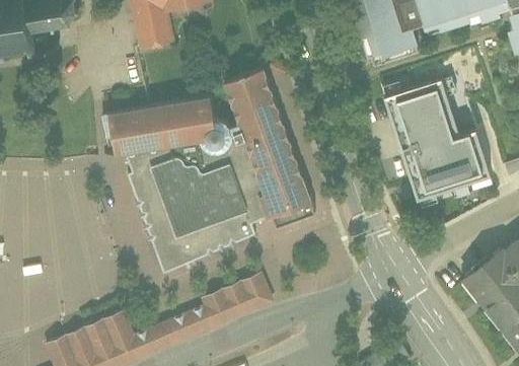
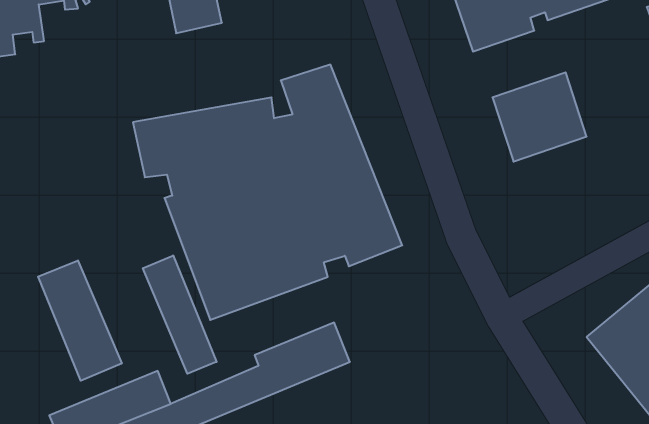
building: [401,128,492,200] -> none
building: none -> [143,255,217,374]
building: none -> [38,260,122,381]

